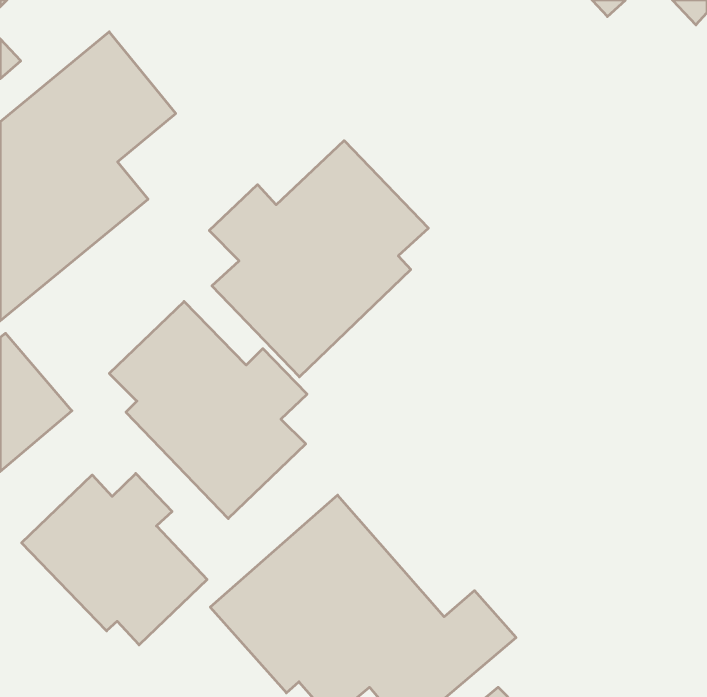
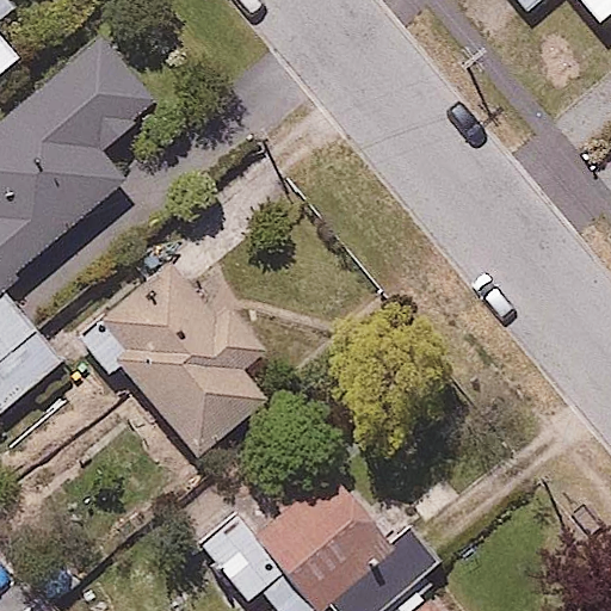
building: [209,141,428,377] -> none
building: [22,473,207,645] -> none

